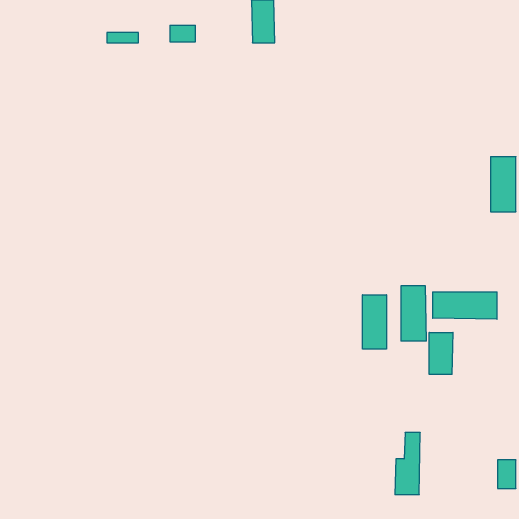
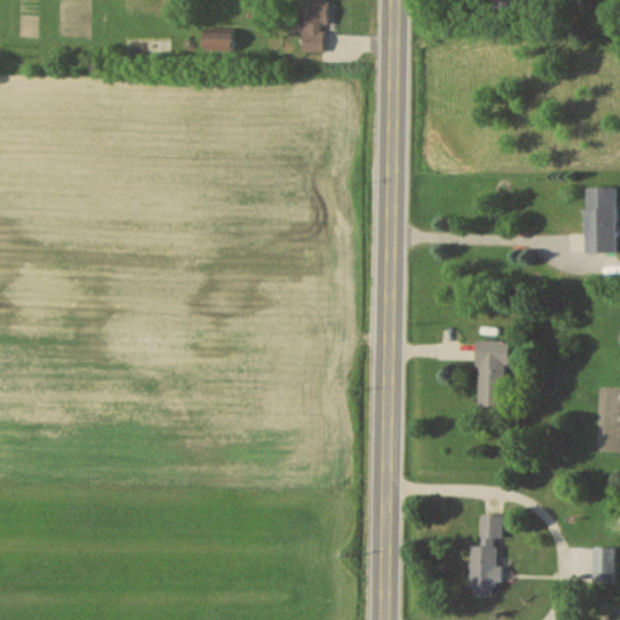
building: [433,292,497,319] -> none
building: [363,295,386,349] -> none
building: [429,332,453,374] -> none

